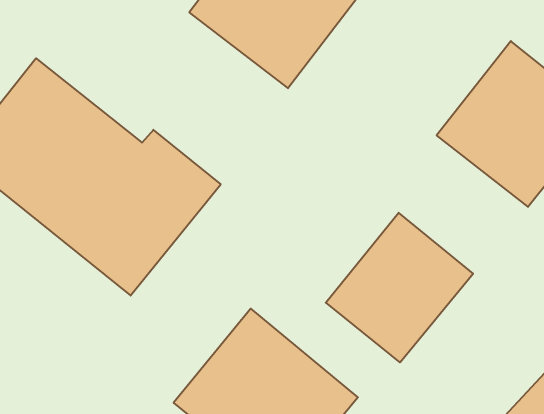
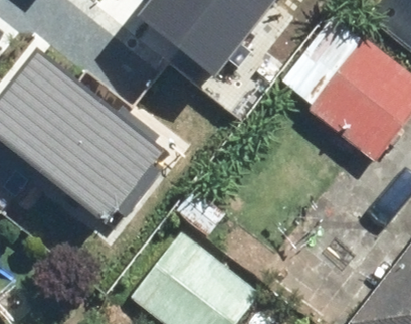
building: [326,213,473,362] -> none

